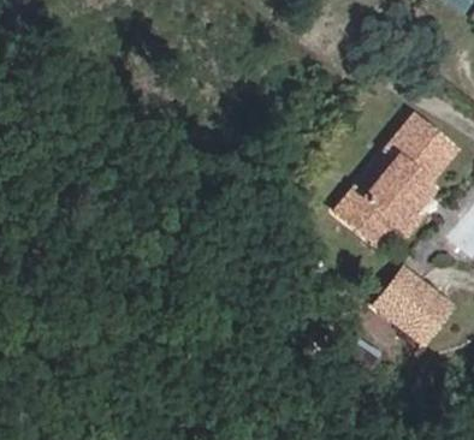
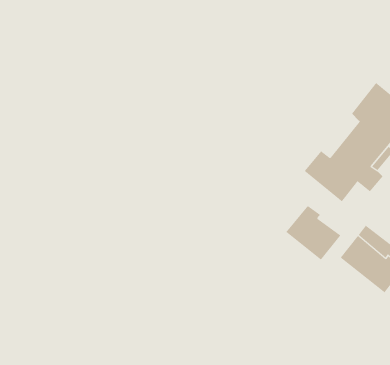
building: none -> [286,205,341,260]

